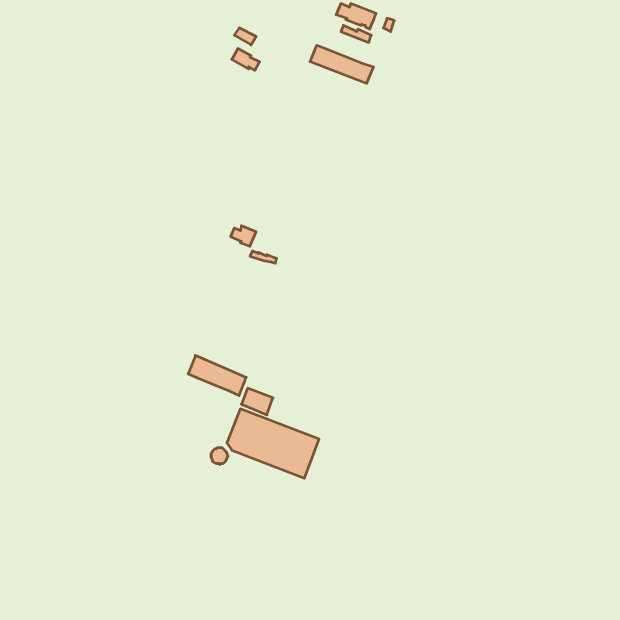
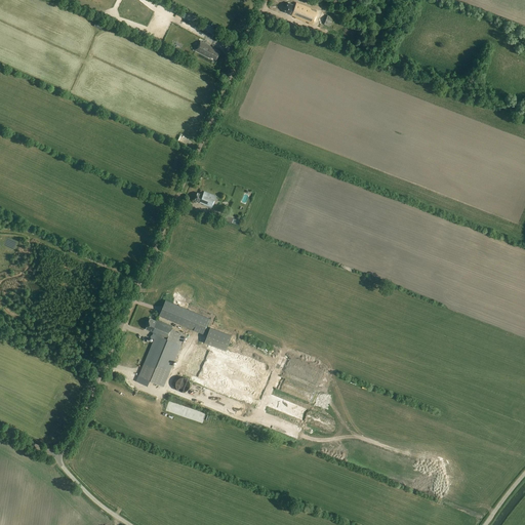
building: [310,45,373,83] -> none
building: none -> [138,318,185,387]

